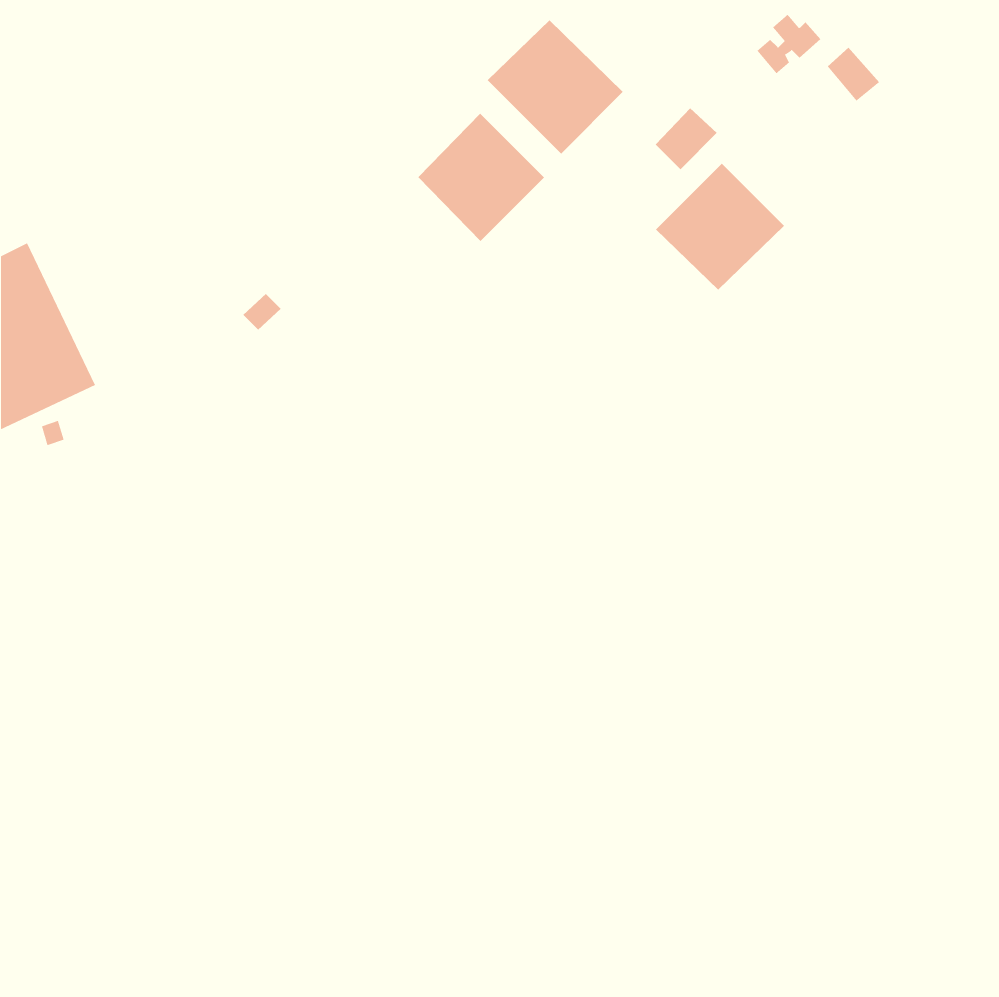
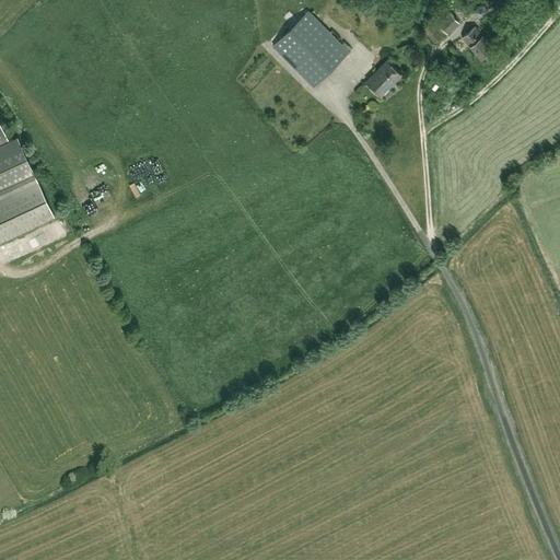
building: [418,113,545,242] -> none
building: [655,163,785,290] -> none

